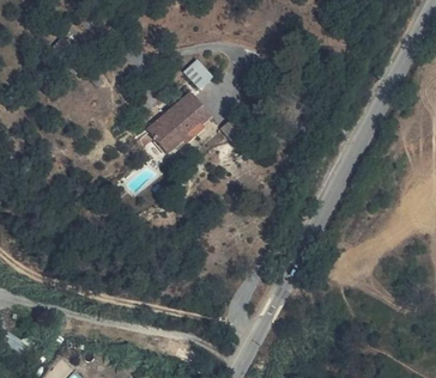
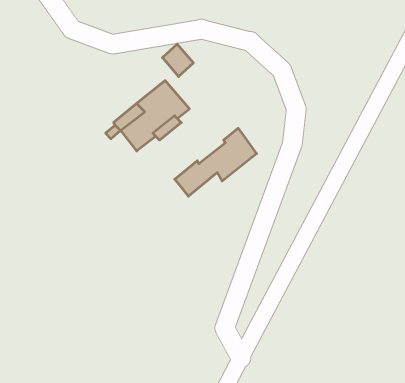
building: none -> [175,128,257,196]

